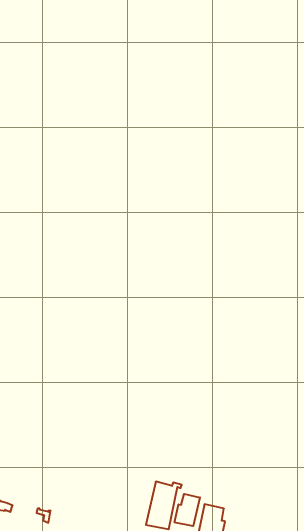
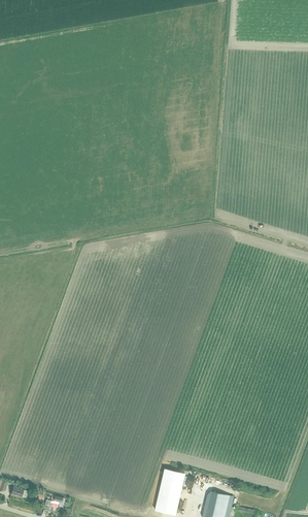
building: [175,494,200,526] -> none

